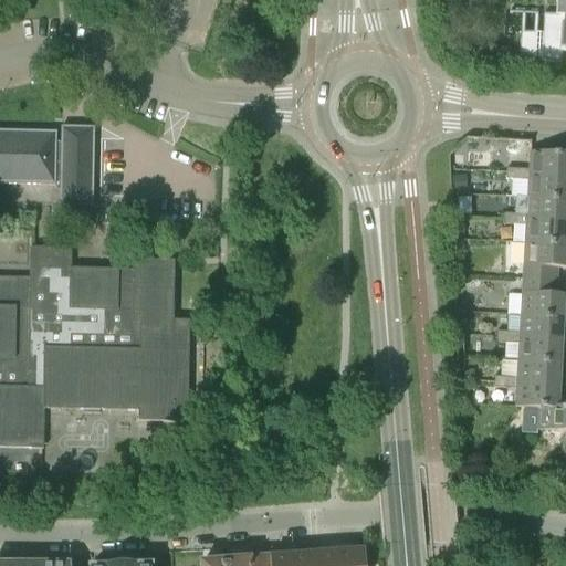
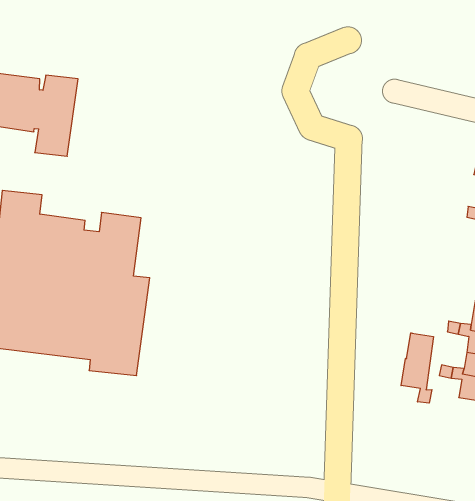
building: none -> [401,333,433,403]

